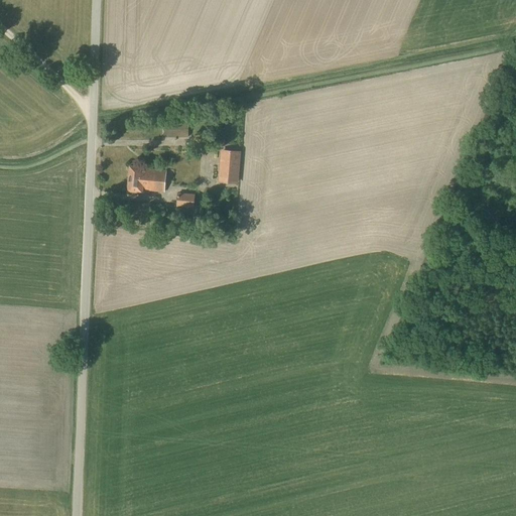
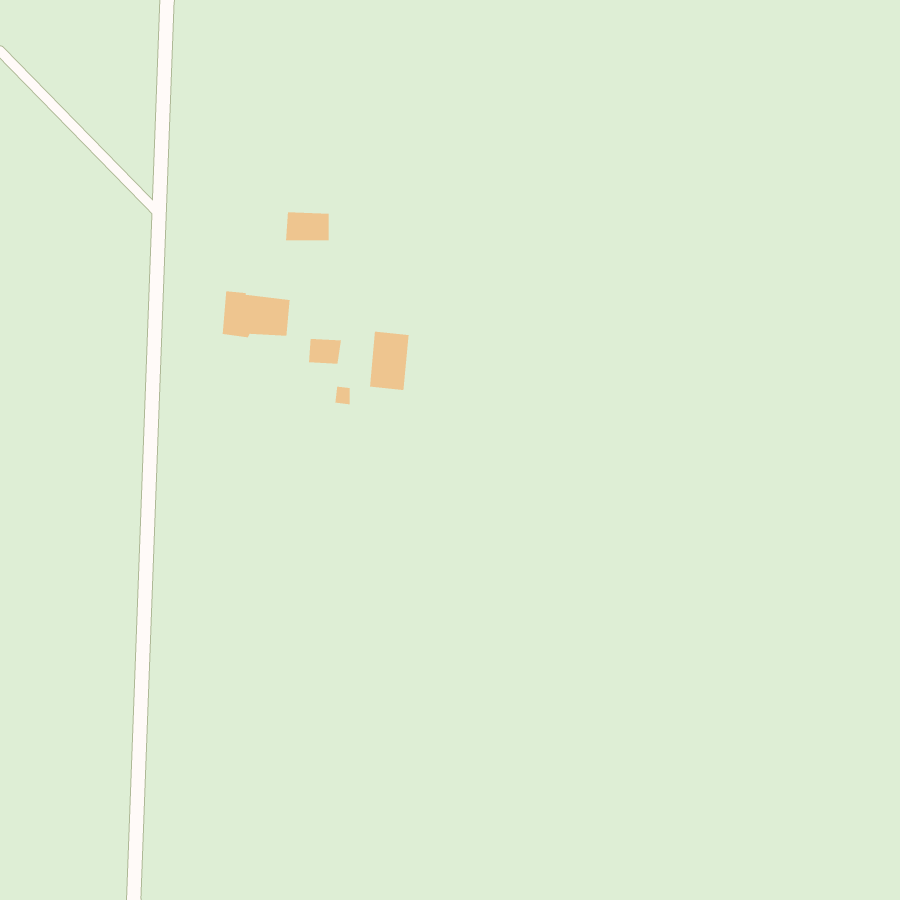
building: [218,150,241,184] -> [369,331,410,391]

